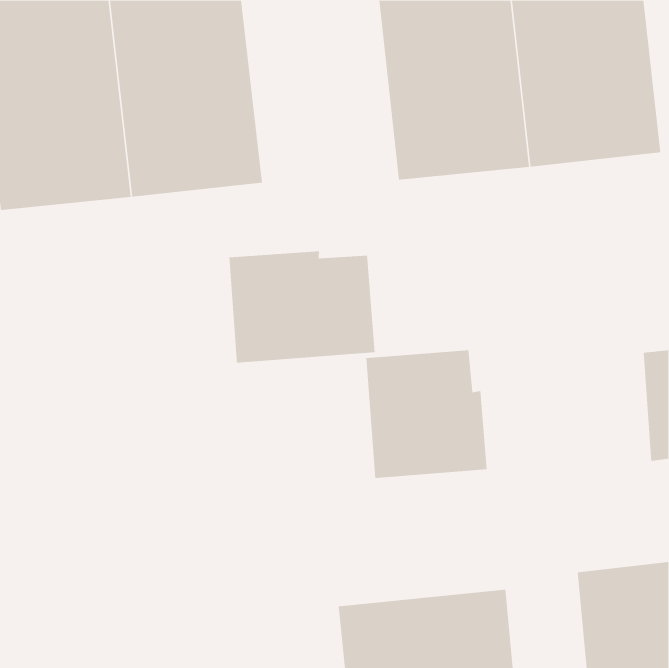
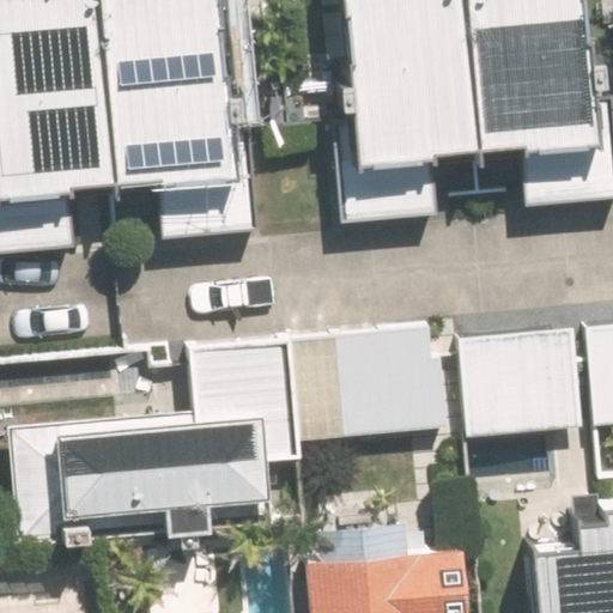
building: [229,250,375,364] -> none
building: none -> [457,328,579,436]
building: none -> [57,339,293,521]

